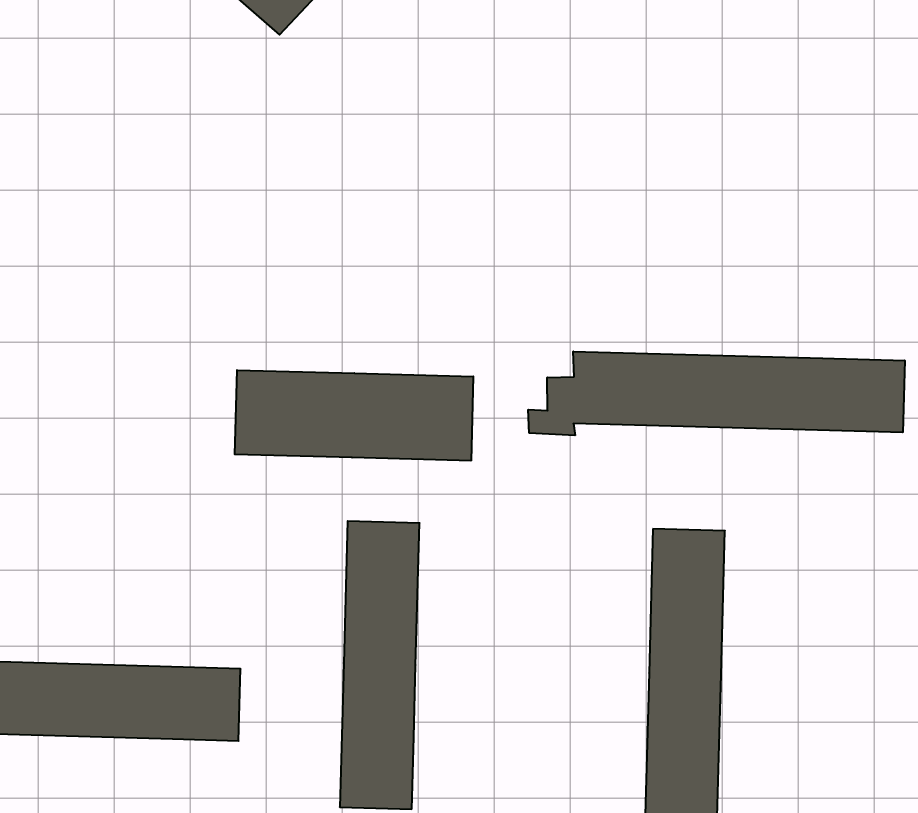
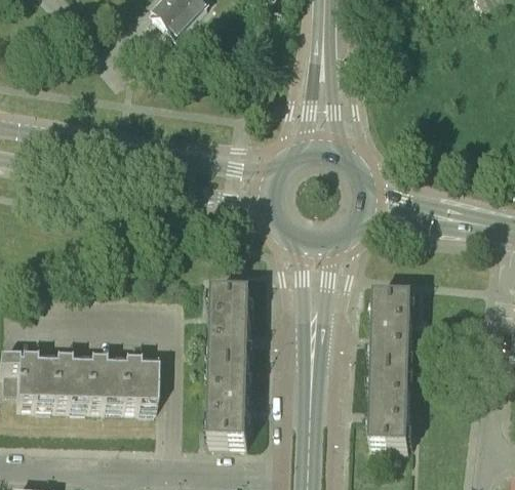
building: [528,351,905,435] -> none
building: [235,370,473,461] -> none

